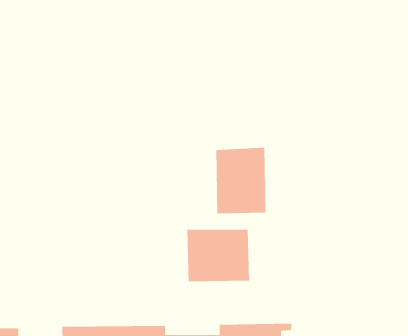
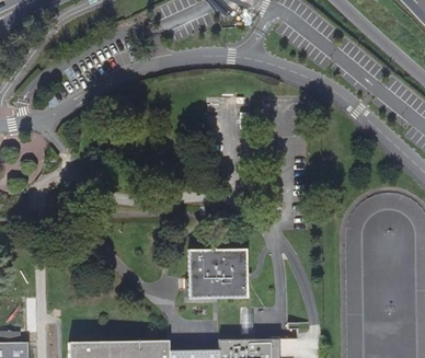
building: [216,147,266,214] -> none

